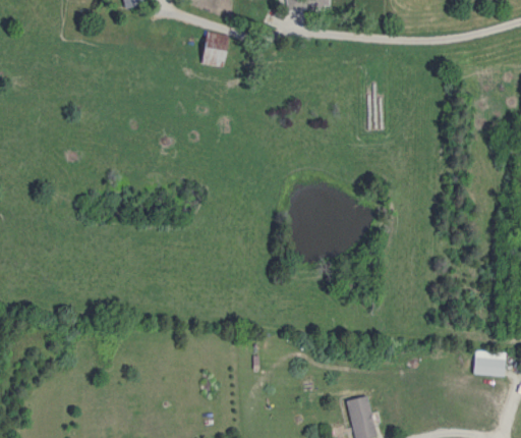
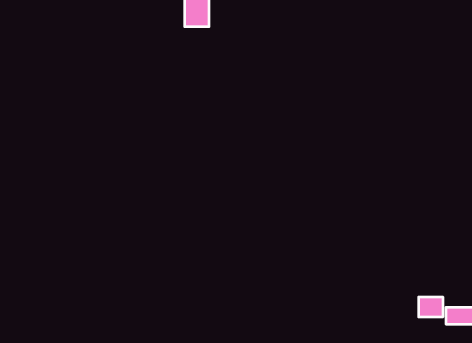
building: none -> [419,297,443,317]

